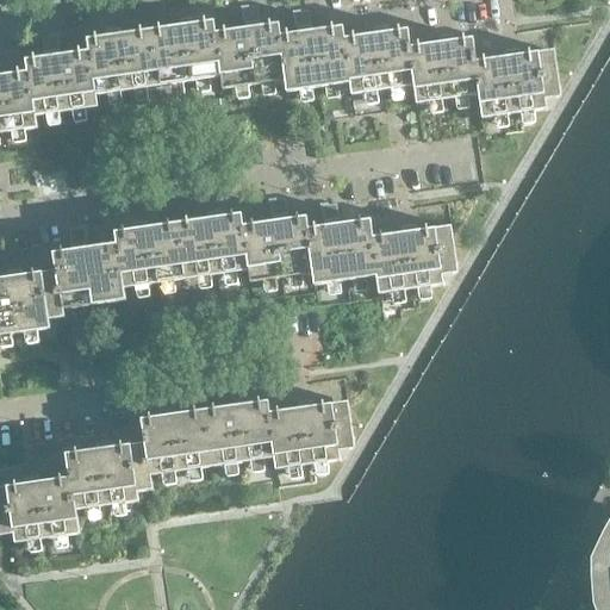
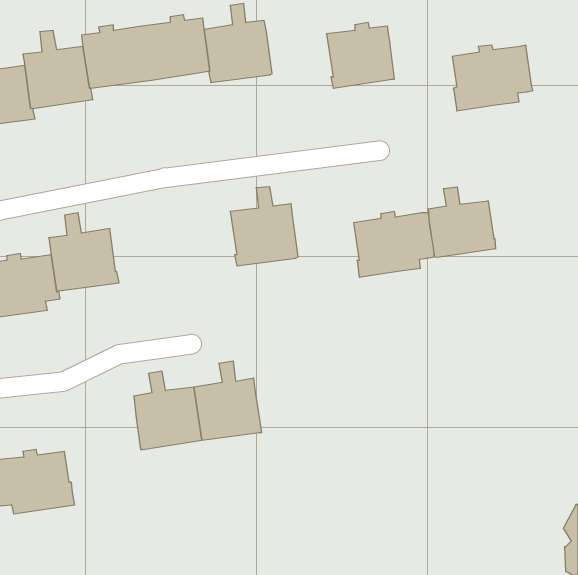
building: [280,8,350,91] -> none
building: [410,32,480,101] -> none
building: none -> [429,187,496,257]
building: [307,200,378,282] -> none
building: [113,208,249,286] -> none
building: [268,398,354,467] -> none
building: [64,438,151,508] -> none

